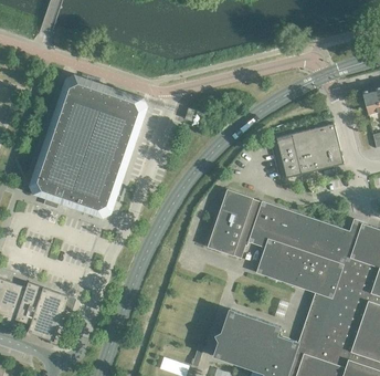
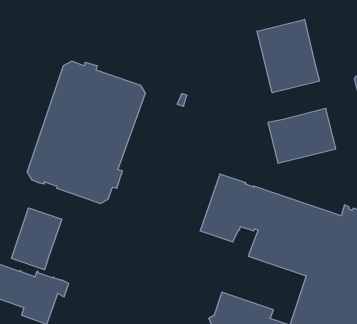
building: none -> [257,19,320,93]
building: none -> [11,208,62,270]

